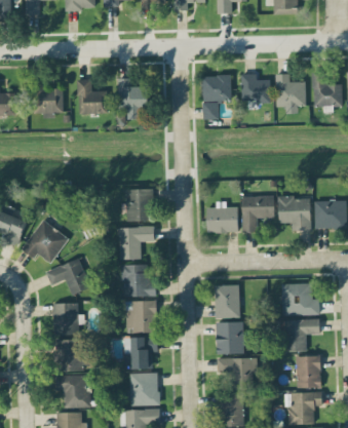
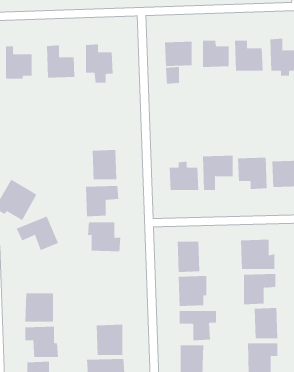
building: [125,301,156,333] -> none
building: [52,303,78,335] -> none
building: [123,337,158,369] -> none

